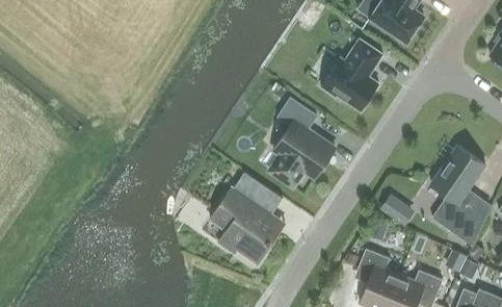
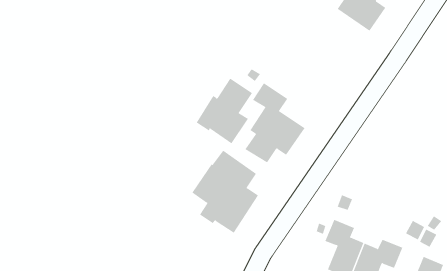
building: [320,39,382,111] -> [196,78,253,144]
building: [430,146,484,236] -> none
building: [380,193,416,225] -> none

